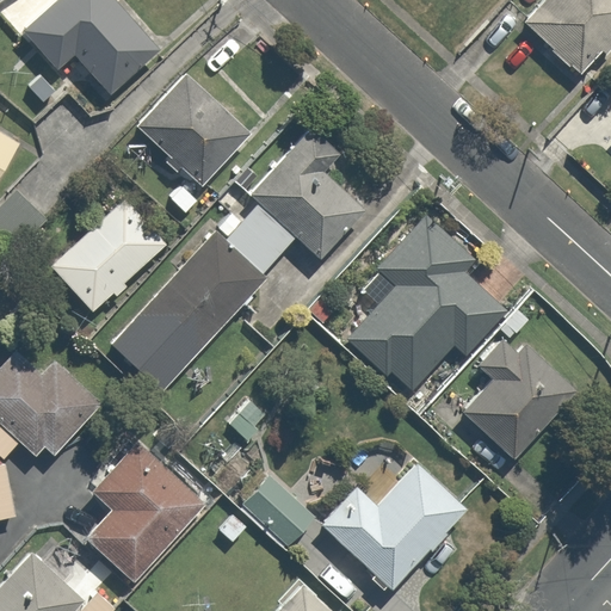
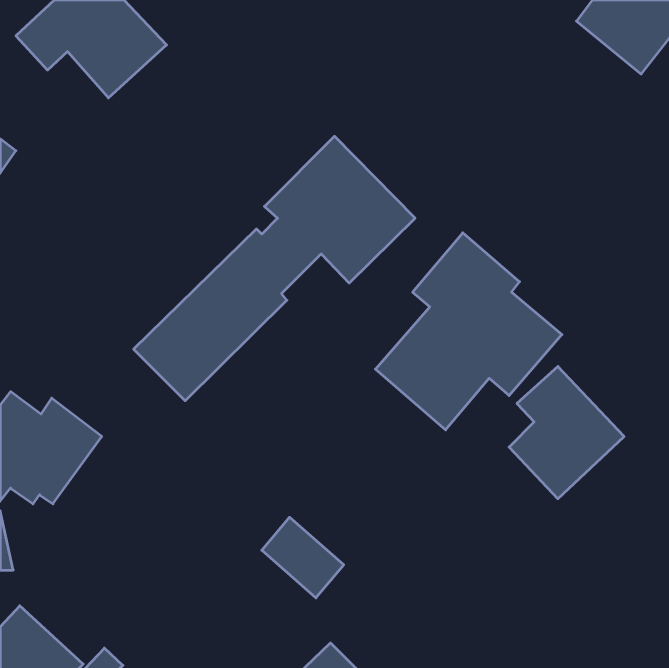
building: [137,73,243,180] -> none
building: [49,199,167,317] -> none
building: [79,443,208,586] -> none
building: [322,463,464,586] -> none

